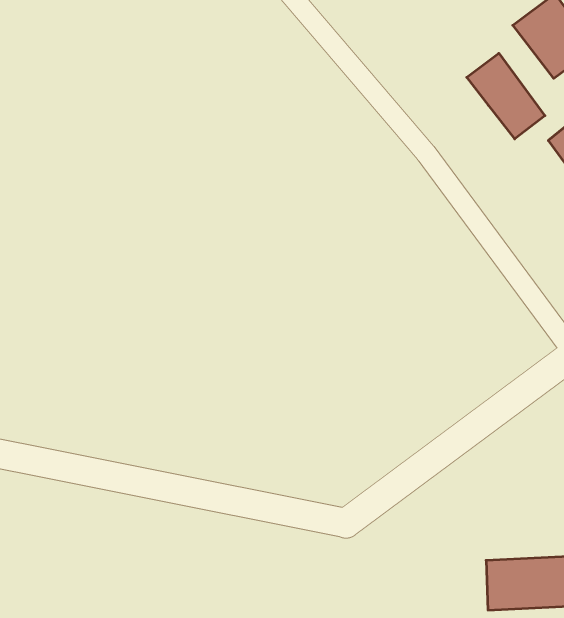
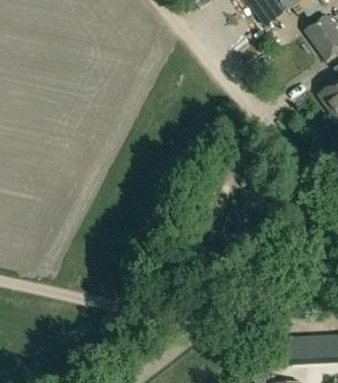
building: [467,53,545,139] -> none

